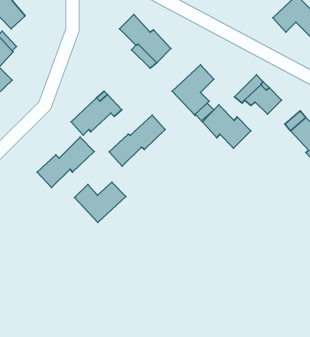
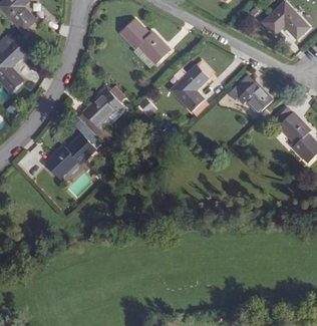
building: [203,105,251,148] -> none
building: [109,115,165,166] -> none
building: [74,182,126,222] -> none

